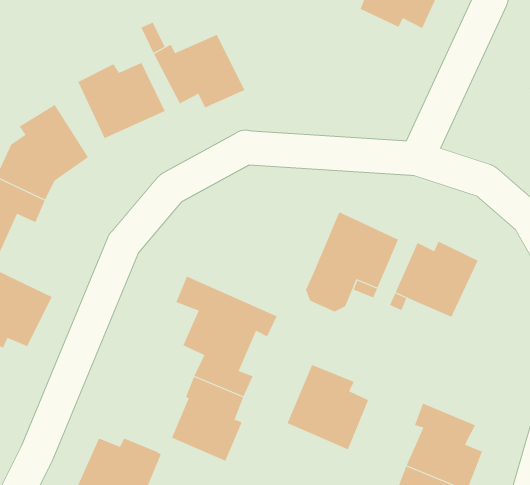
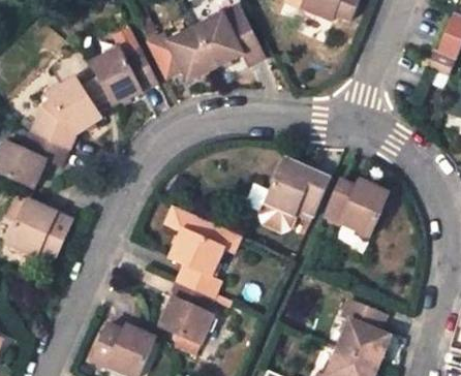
building: none -> [195,11,265,67]
building: [287,364,369,450] -> none

